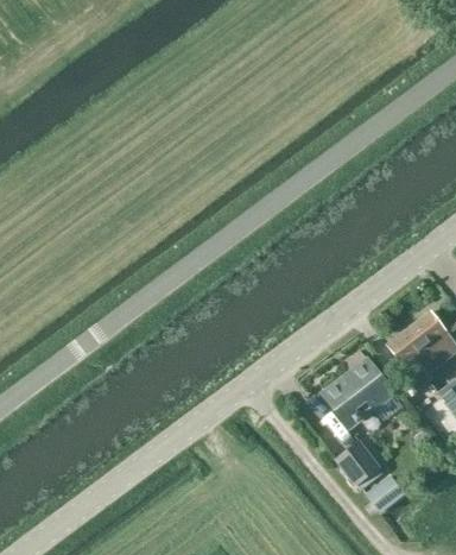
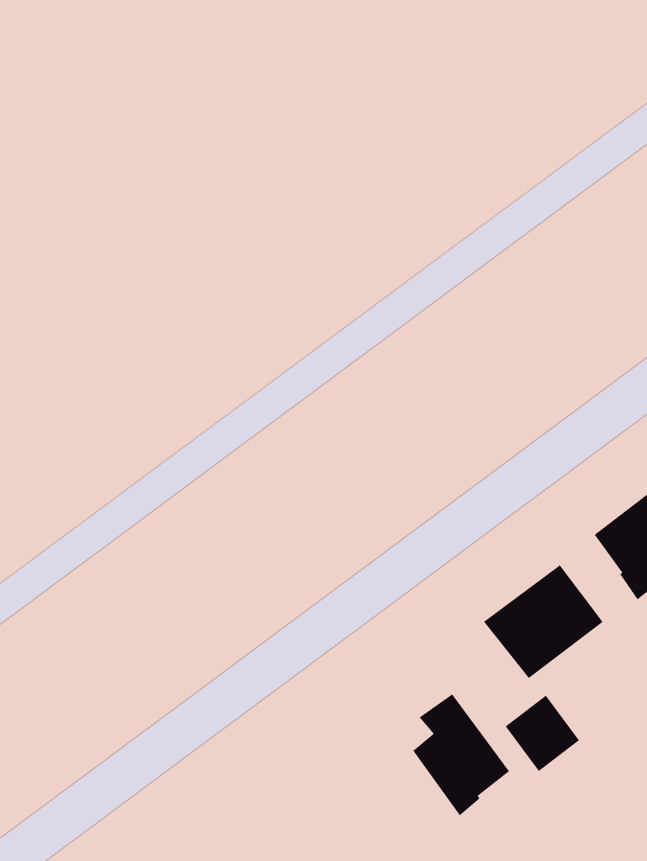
building: none -> [412,694,510,816]
building: [362,472,403,512] -> none

